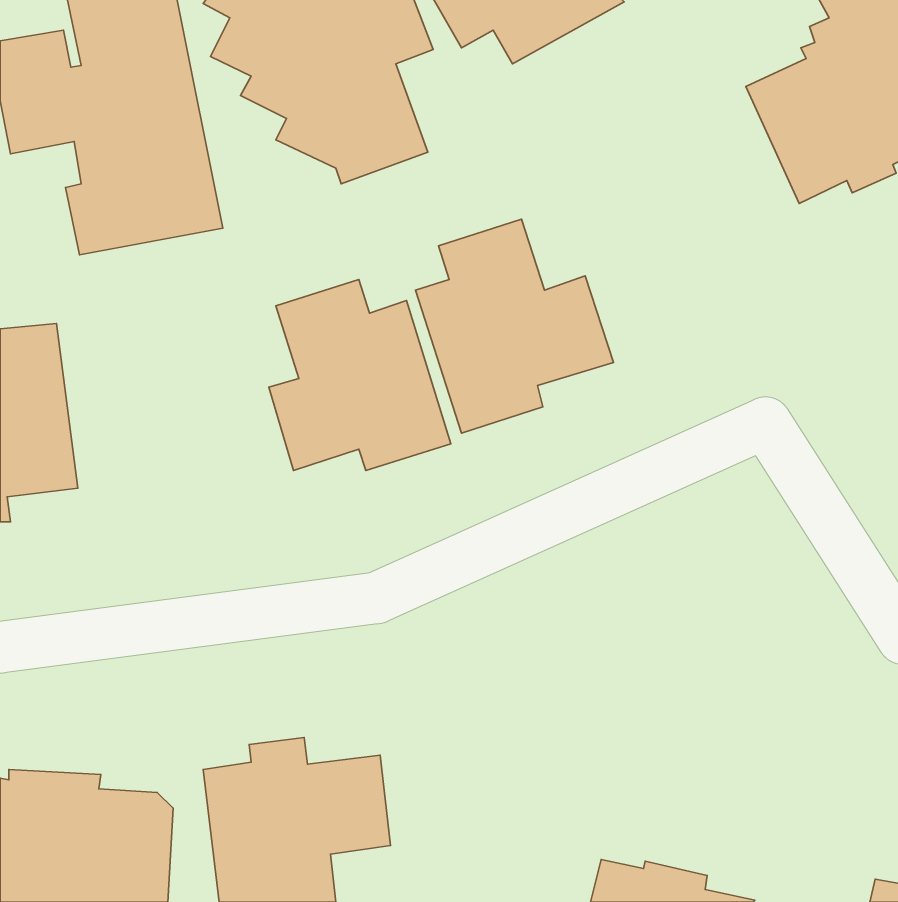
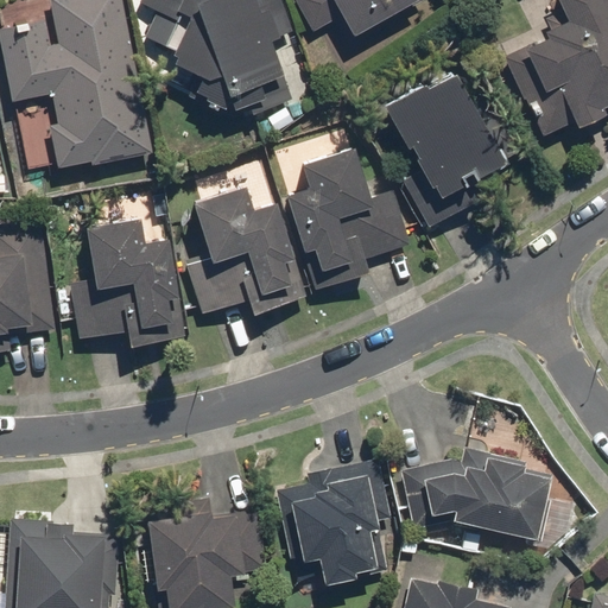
building: none -> [380,70,504,228]
building: none -> [68,218,188,348]
building: none -> [398,445,576,549]
building: none -> [273,456,391,584]

